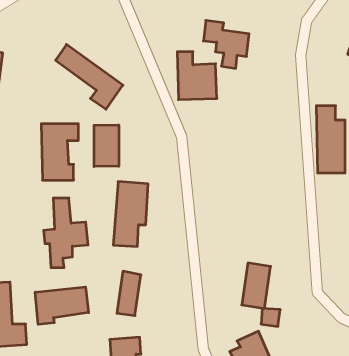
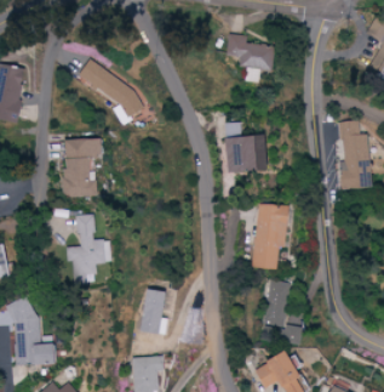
building: [177,52,217,100] -> [225,123,265,171]
building: [94,125,119,167] -> none
building: [113,182,148,246] -> [254,203,290,268]
building: [35,287,89,324] -> none

